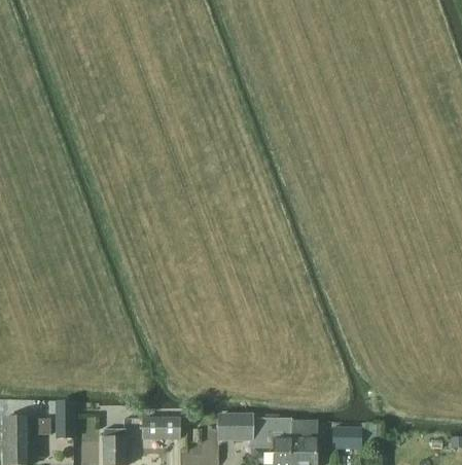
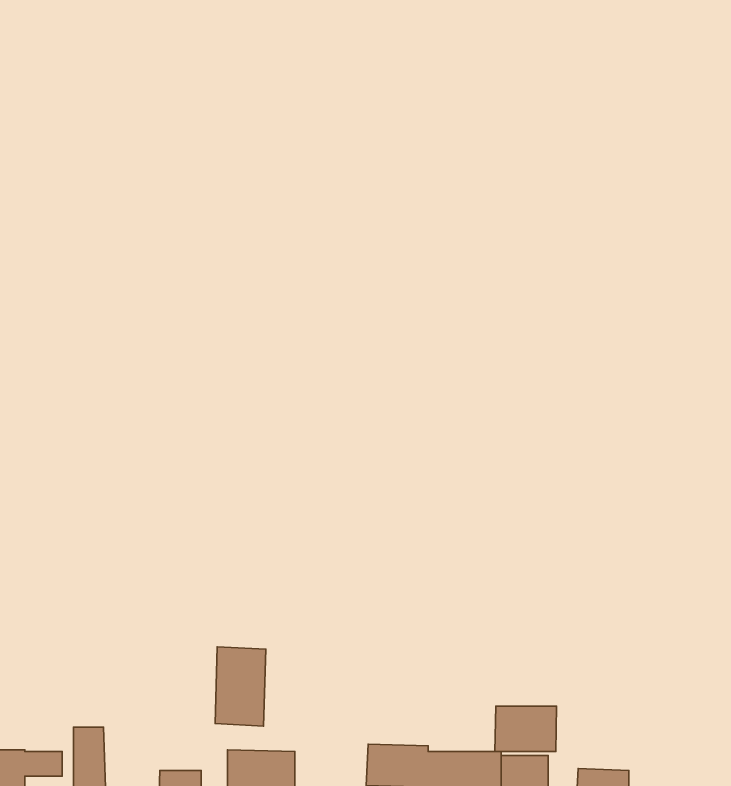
building: none -> [215,647,266,726]
building: none -> [495,706,557,752]

